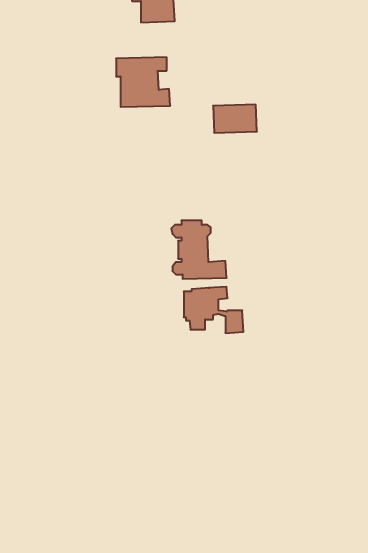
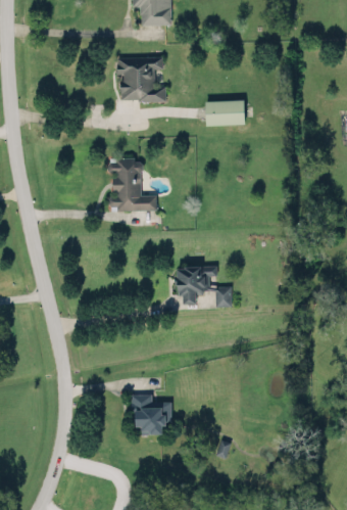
building: [171,220,227,279] -> [108,158,158,212]
building: none -> [134,395,171,434]

